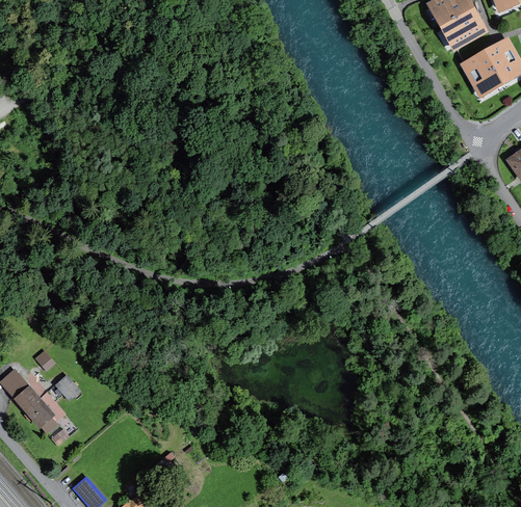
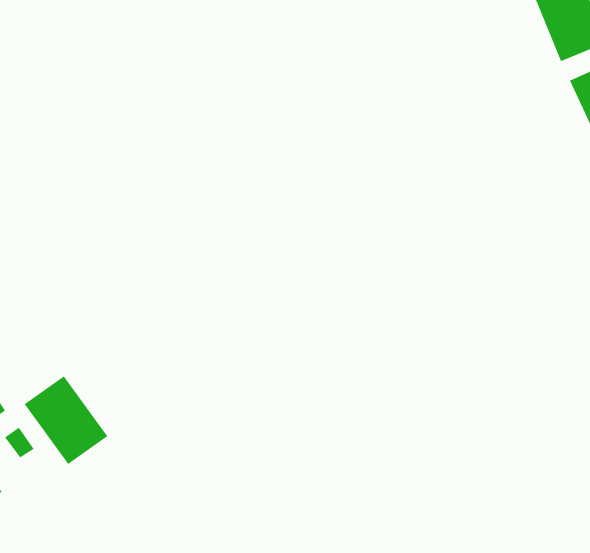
building: none -> [24,375,108,465]

